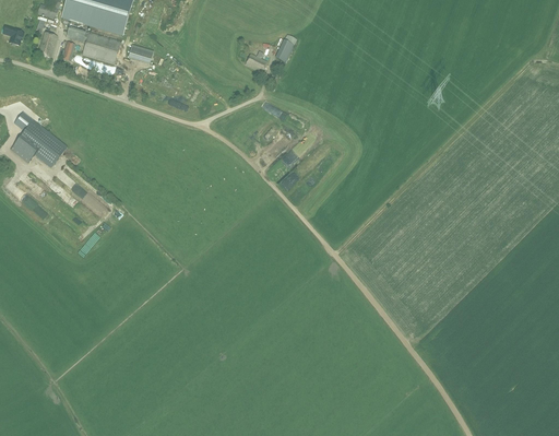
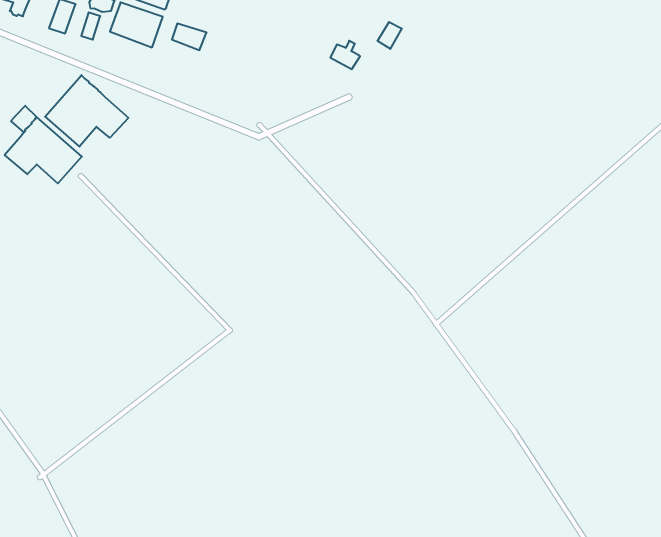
building: none -> [45,75,128,147]

